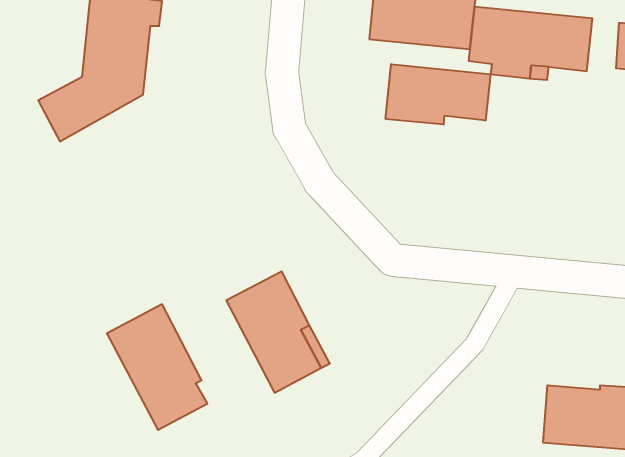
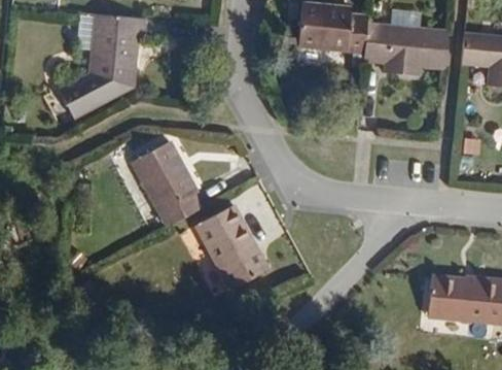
building: [386,64,490,125] -> none
building: [107,304,207,430] -> [129,142,200,231]

